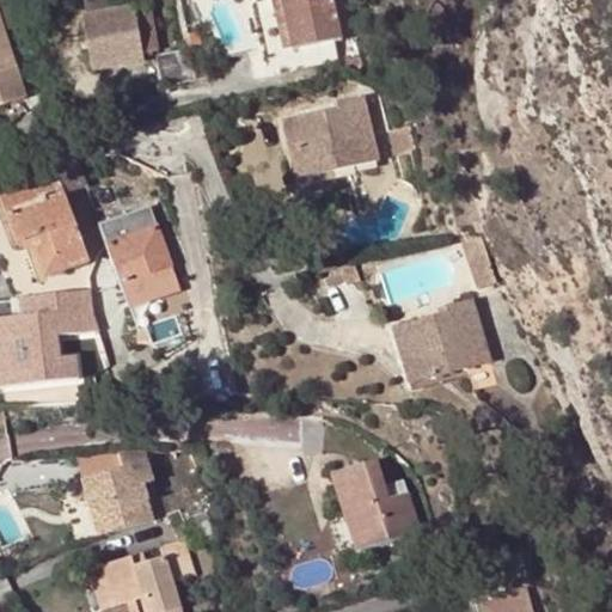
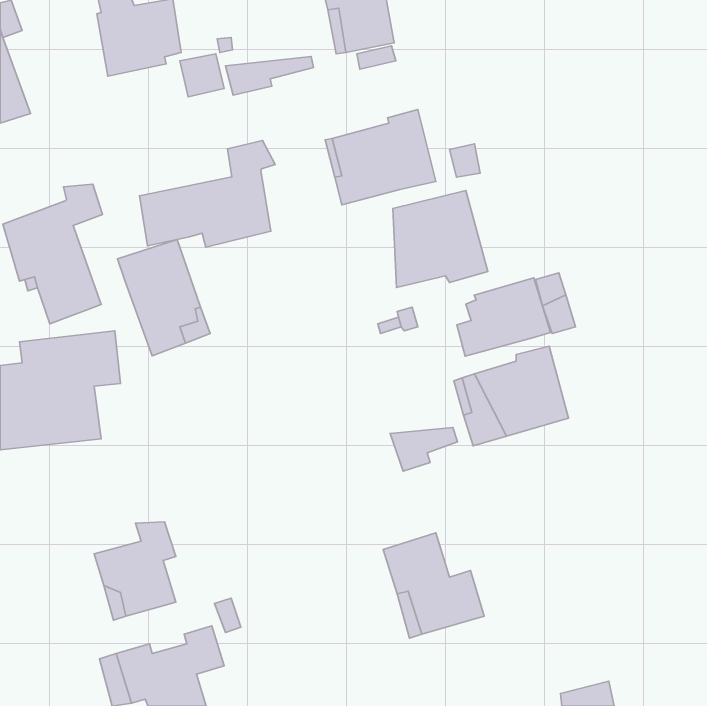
building: none -> [225,56,314,95]
building: none -> [140,141,275,247]
building: none -> [393,190,488,287]
building: none -> [457,278,551,356]
building: none -> [390,427,457,471]

